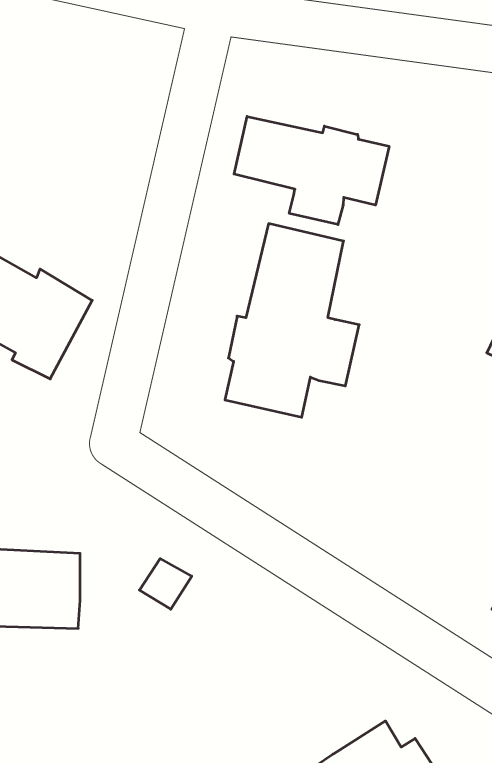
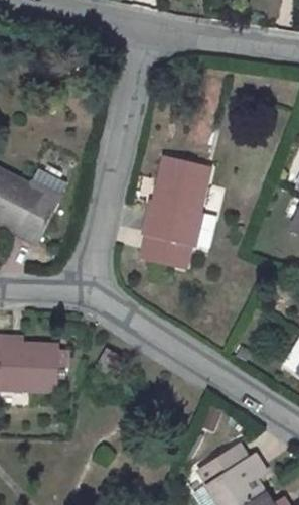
building: [234,116,389,225] -> none

